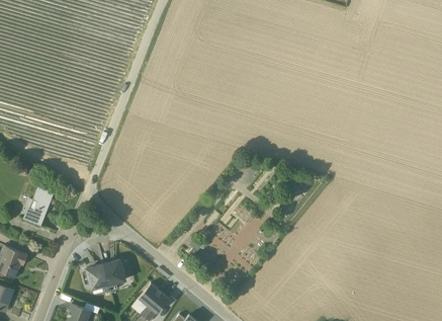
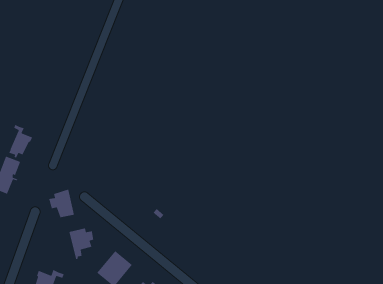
building: none -> [8,124,33,159]
building: [82,263,109,294] -> [48,189,75,218]

